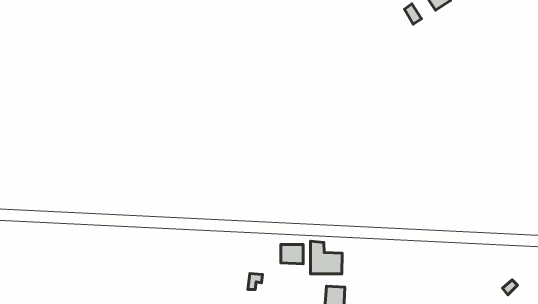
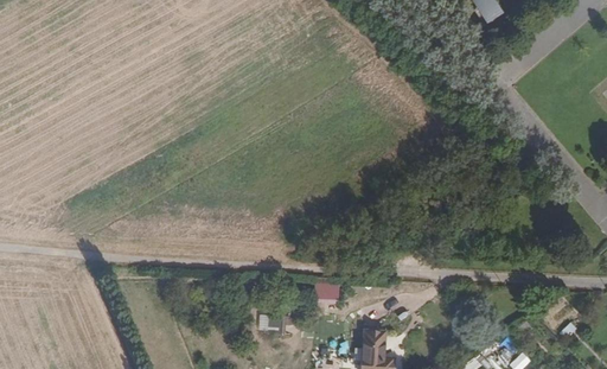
building: [310,241,342,274] -> none

